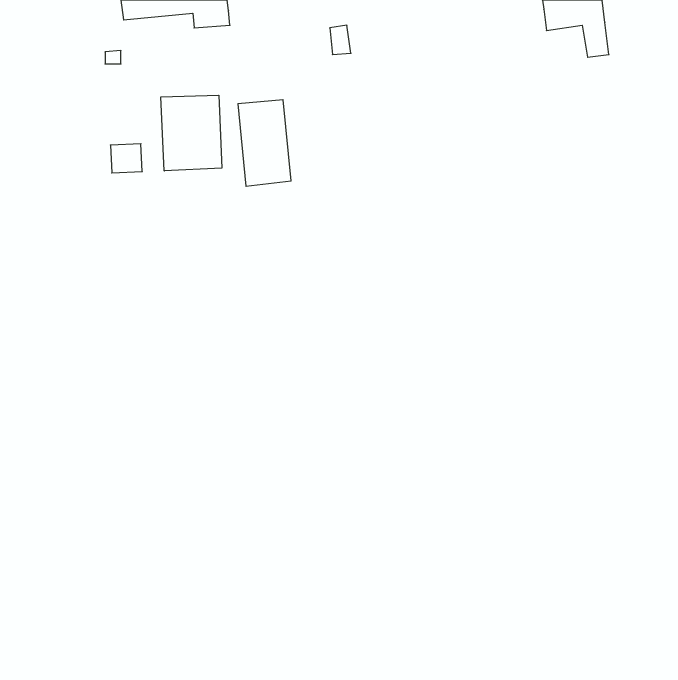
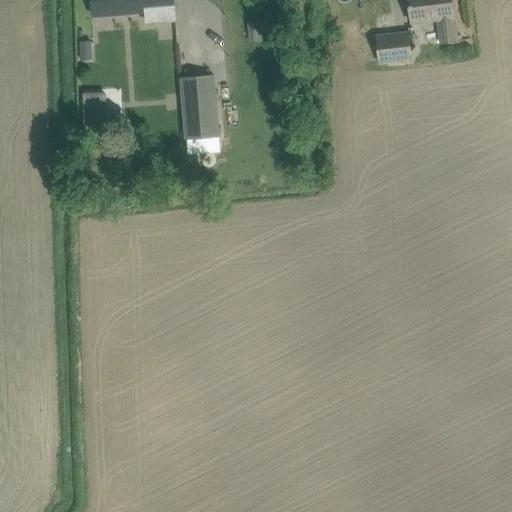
building: none -> [376,32,412,63]
building: [161,95,222,171] -> none

